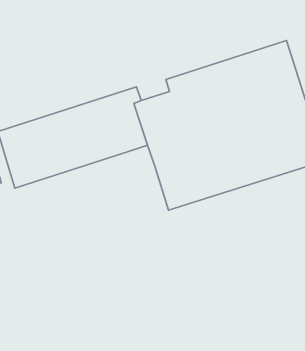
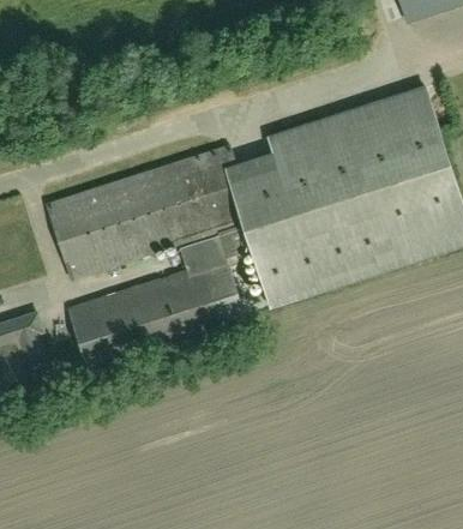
building: none -> [68,222,252,377]

